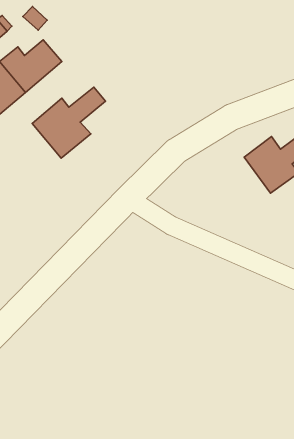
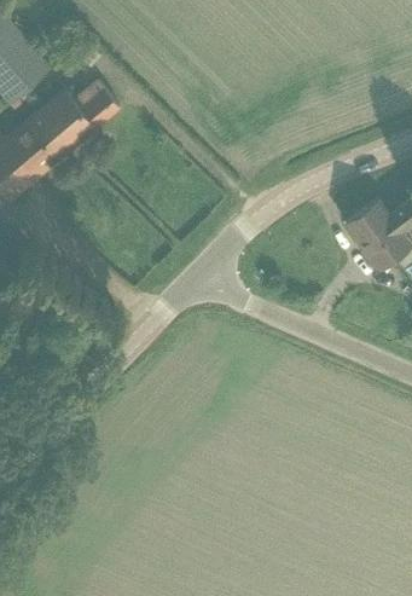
building: [32,87,106,158] -> none

